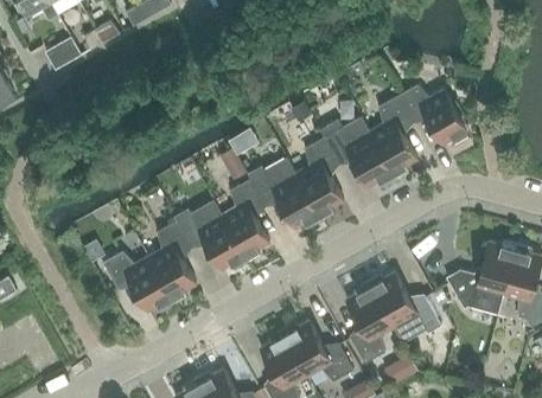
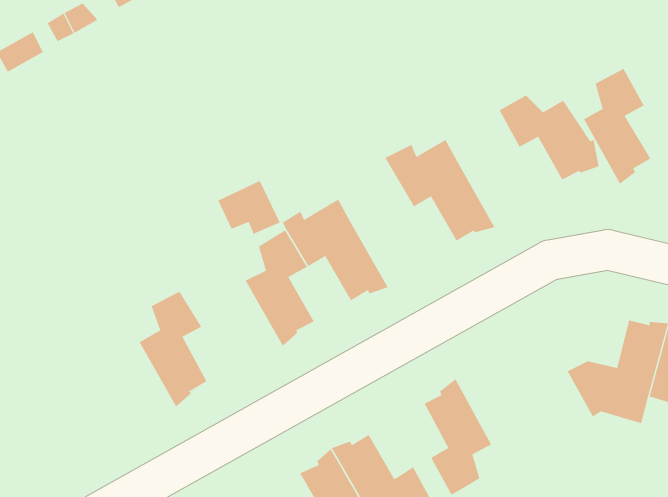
building: [370,96,417,178] -> [583,68,651,186]
building: [295,137,344,220] -> none
building: [174,200,249,270] -> none
building: [103,251,174,312] -> none
building: [368,272,441,340] -> none

